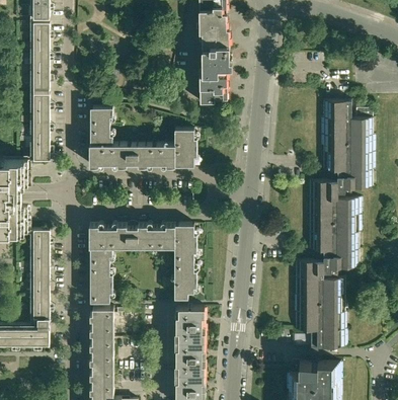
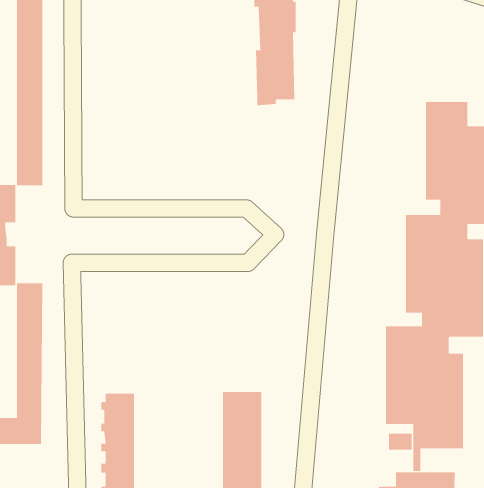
building: [89,107,197,166] -> none
building: [90,224,197,302] -> none

